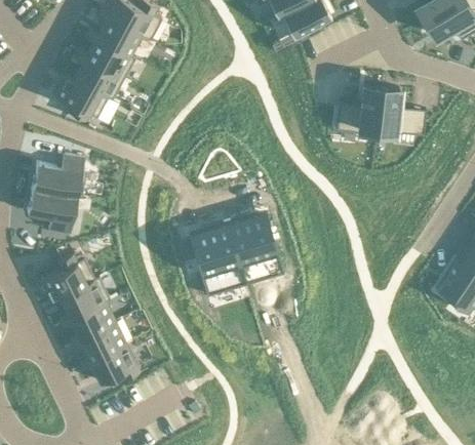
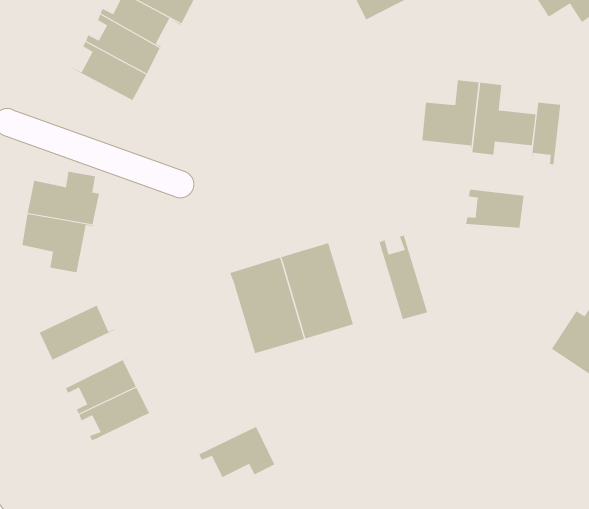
building: [52,75,112,123] -> none
building: none -> [531,102,561,165]
building: none -> [466,189,524,228]
building: none -> [379,235,428,320]
building: [49,278,109,323] -> none
building: [80,342,140,382] -> [198,426,275,478]

